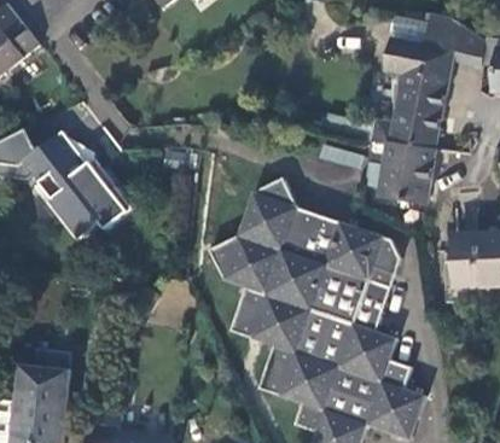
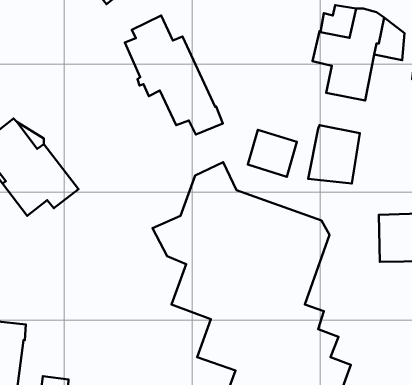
building: none -> [125,15,223,135]
building: [372,104,440,147] -> none

